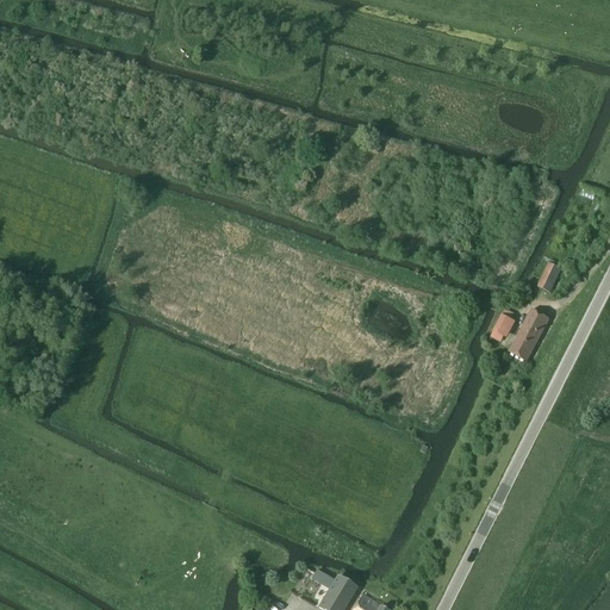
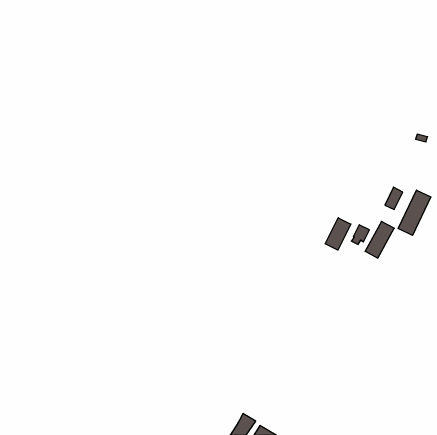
building: none -> [398,190,431,235]
building: none -> [325,218,351,250]

